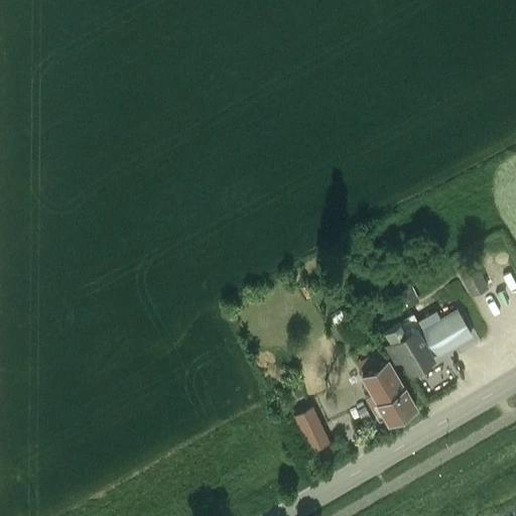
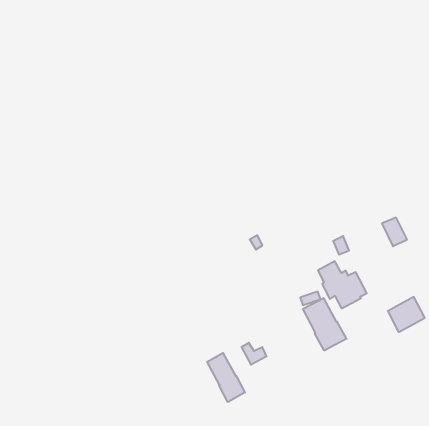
building: [427,313,472,356] -> [388,297,425,332]
building: none -> [207,353,245,402]

